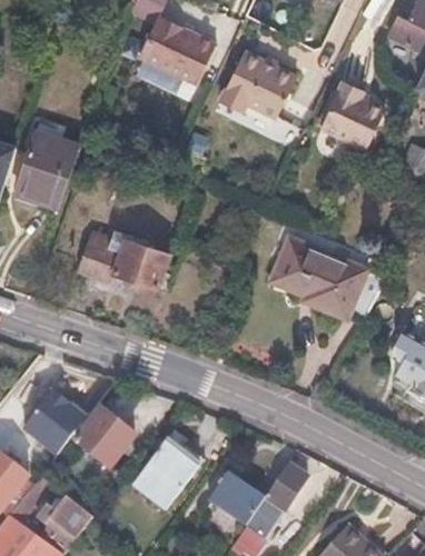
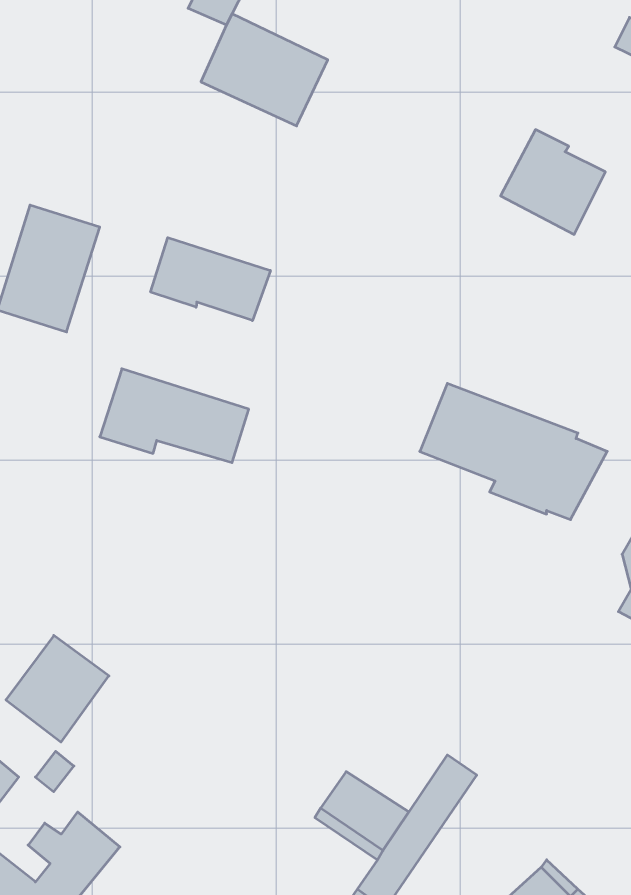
building: [223,52,296,118] -> none
building: none -> [151,238,270,321]
building: [73,407,136,468] -> none
building: [134,440,198,507] -> none

